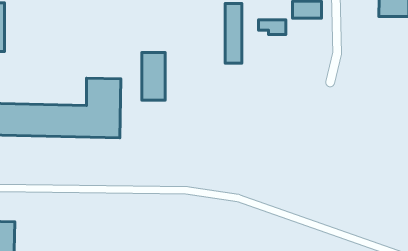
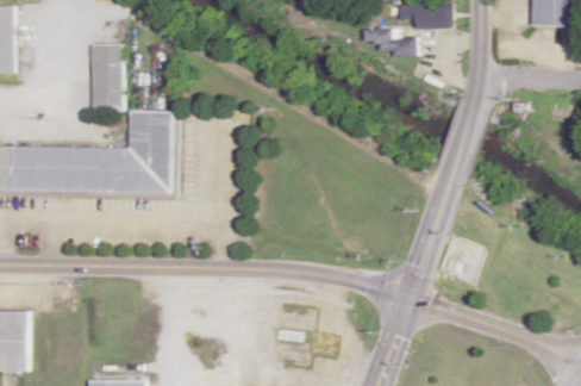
building: [225,4,242,63] -> none
building: [142,52,165,100] -> [89,44,121,111]

